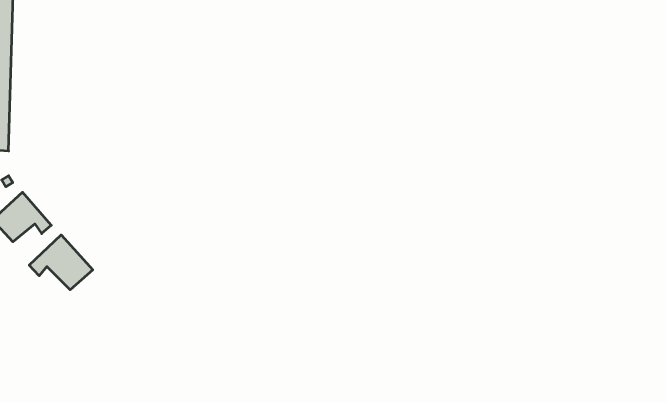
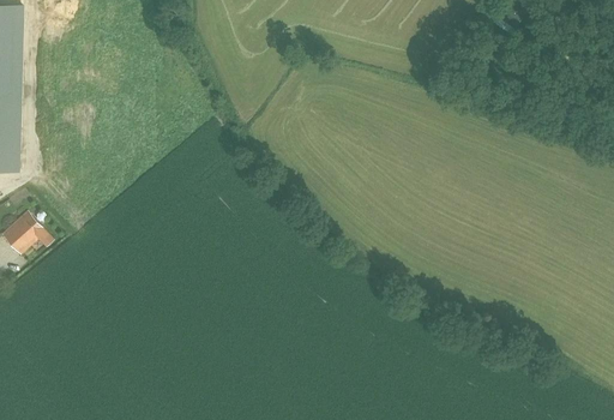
building: [29,235,93,290] -> none

